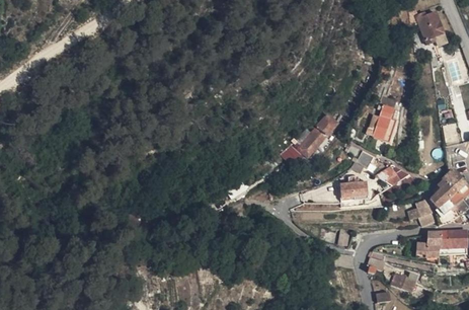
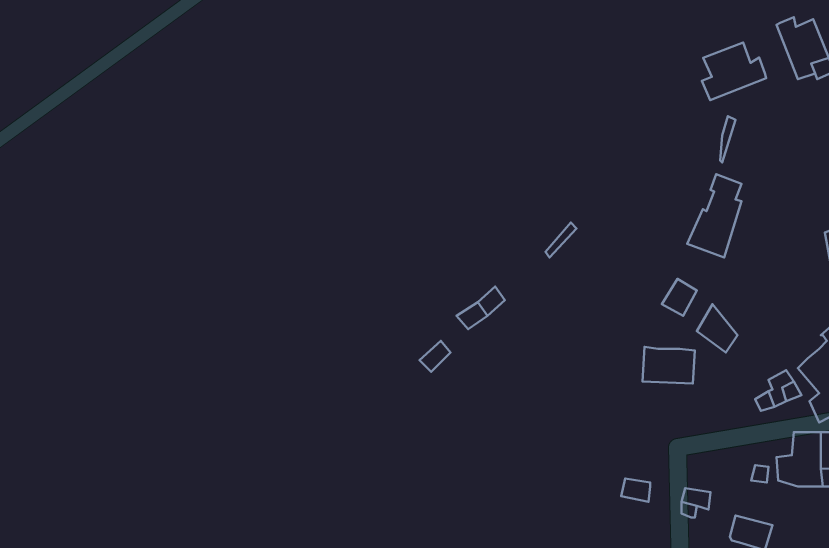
building: none -> [702,42,766,100]
building: [283,115,341,163] -> none

